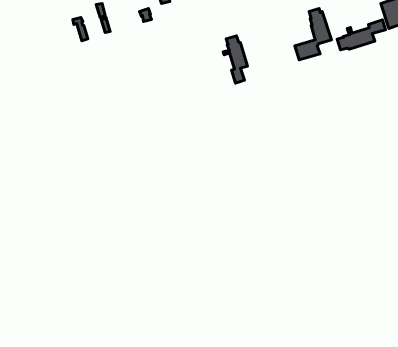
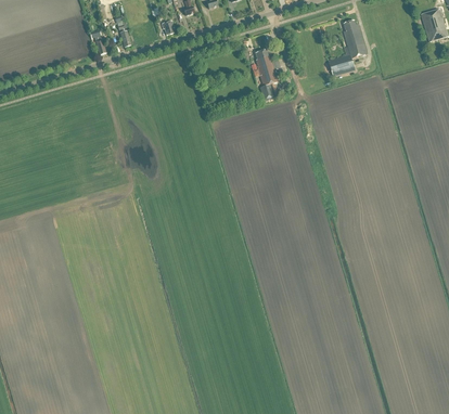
building: [337,20,386,50] -> none

